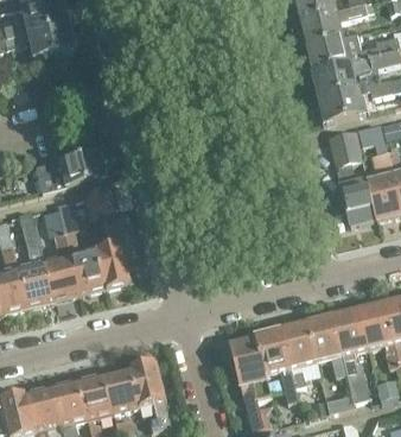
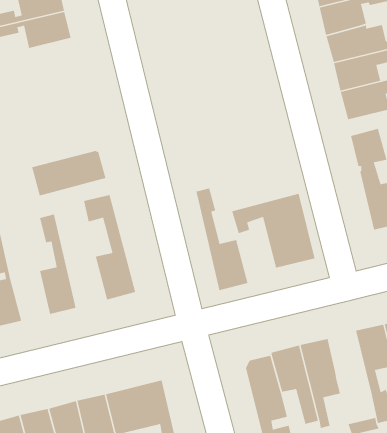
building: none -> [231,193,316,269]
building: [56,200,104,294] -> [195,187,249,291]
building: [17,211,52,306] -> none
building: [307,315,346,375] -> none

